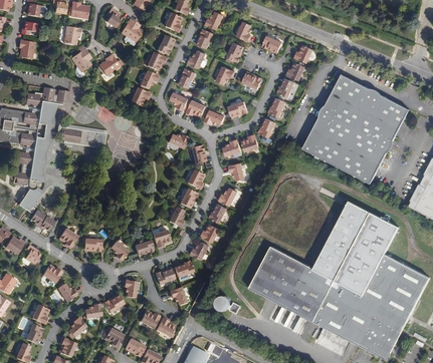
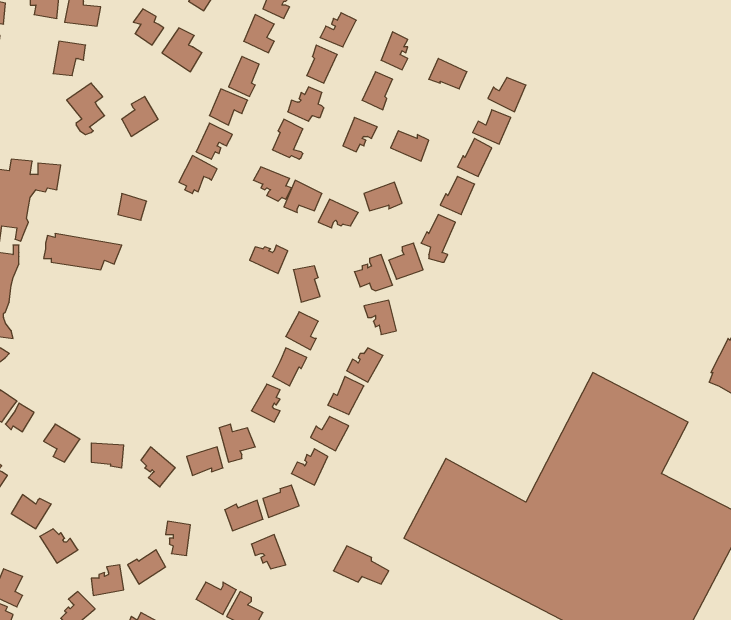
building: [301,72,408,181] -> none

